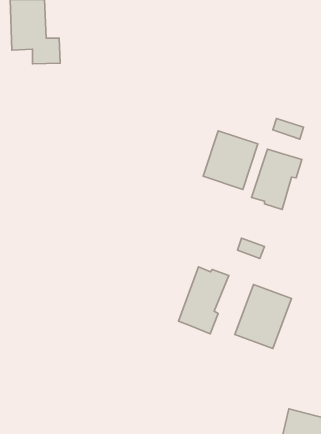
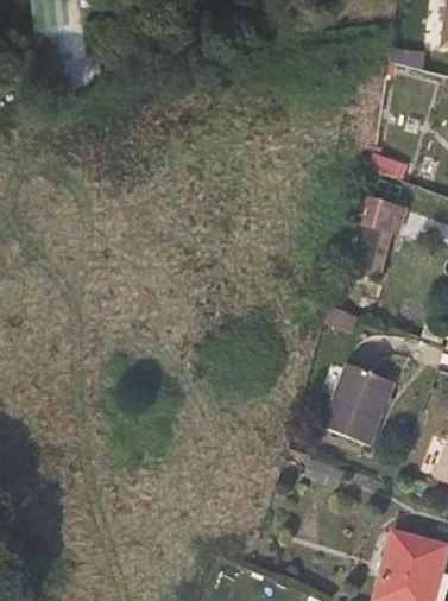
building: [203,131,258,189] -> none
building: [179,267,229,334] -> none

